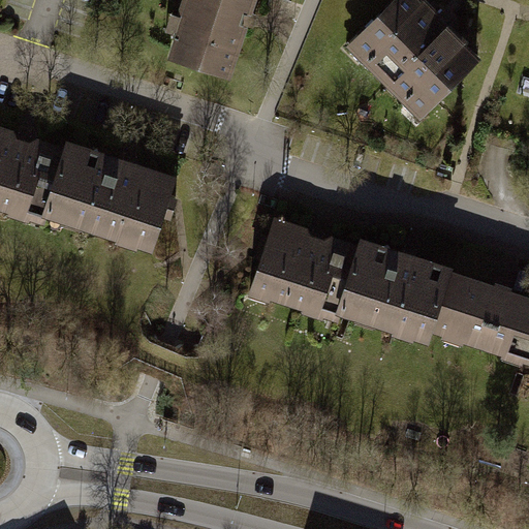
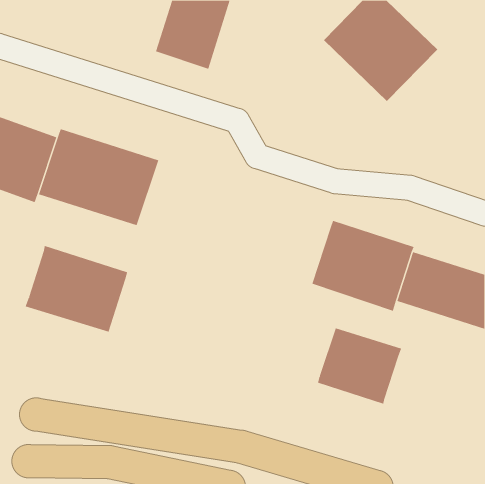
building: [250,222,357,320] -> none
building: none -> [25,245,128,333]
building: none -> [317,327,402,405]

